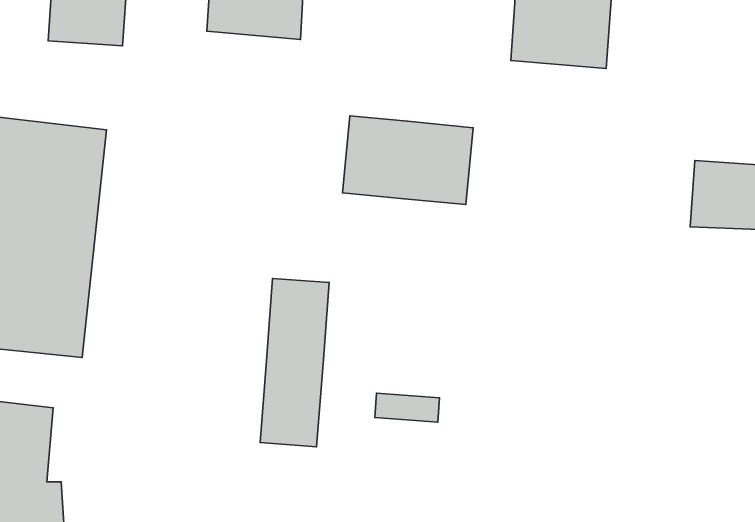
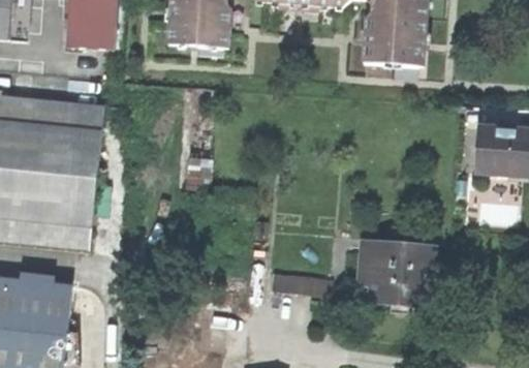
building: [342,116,473,205] -> none
building: [260,278,329,447] -> none
building: none -> [360,239,433,302]

